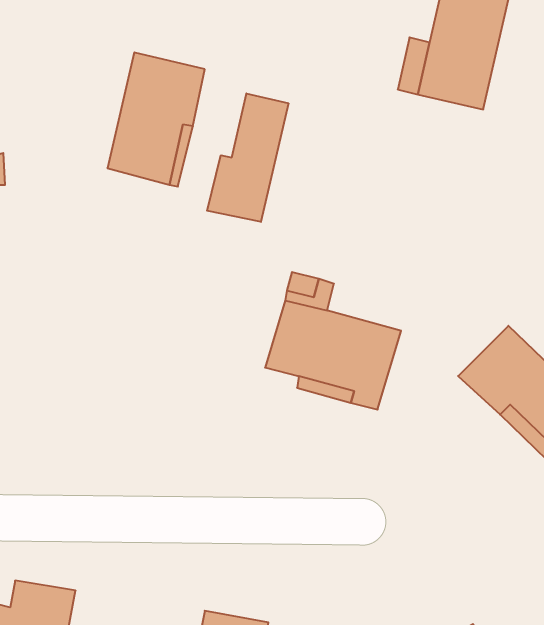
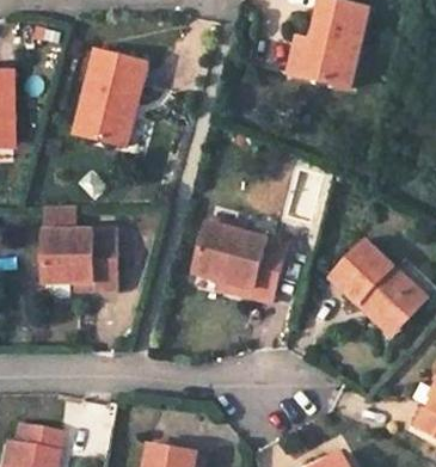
building: [207,93,288,222] -> none
building: none -> [43,207,118,288]

